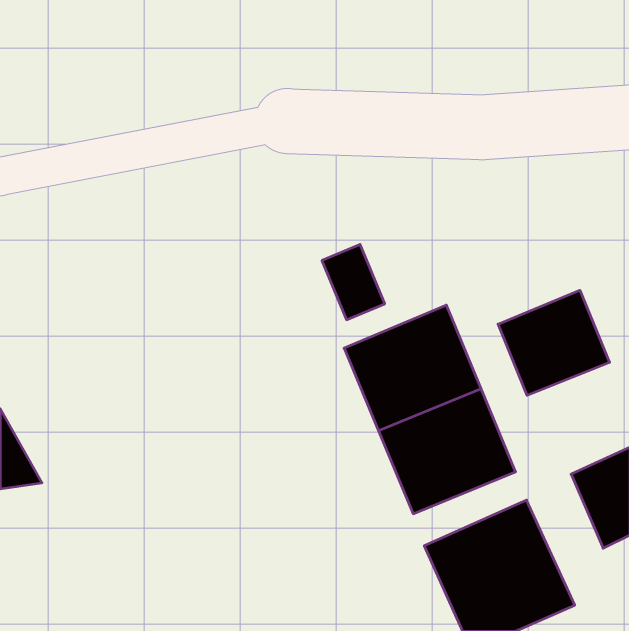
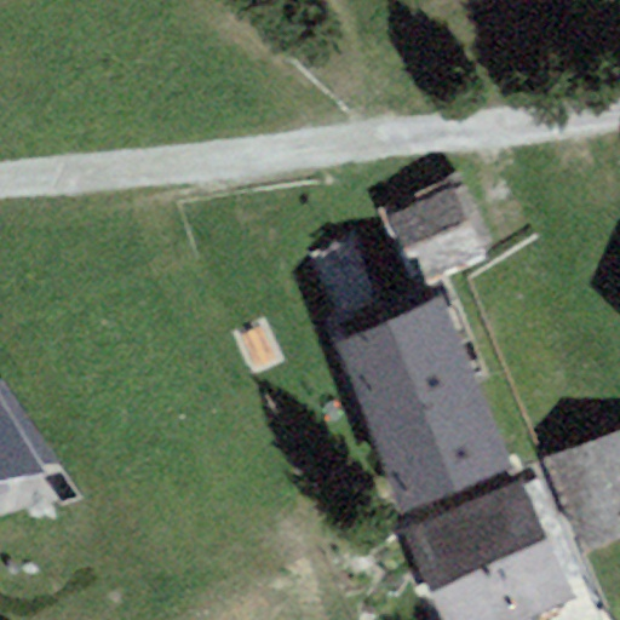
building: none -> [397,190,489,275]
building: [498,290,610,395] -> none

